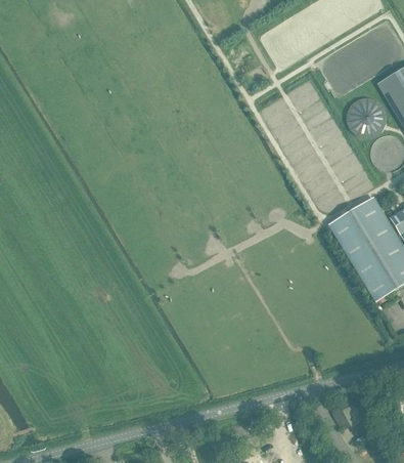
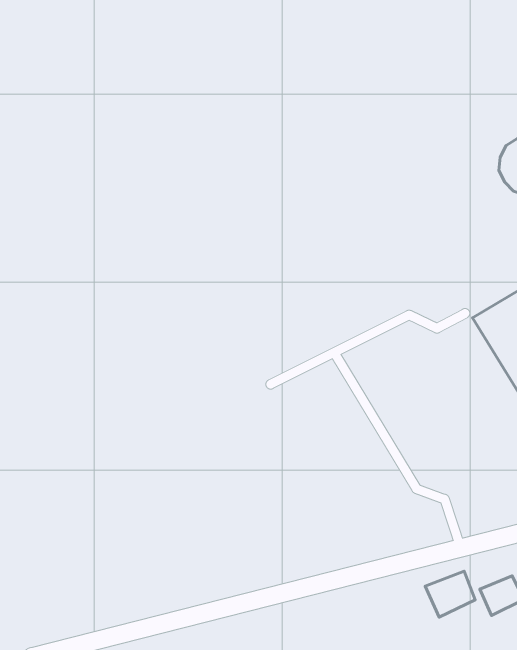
building: none -> [425,571,475,617]

